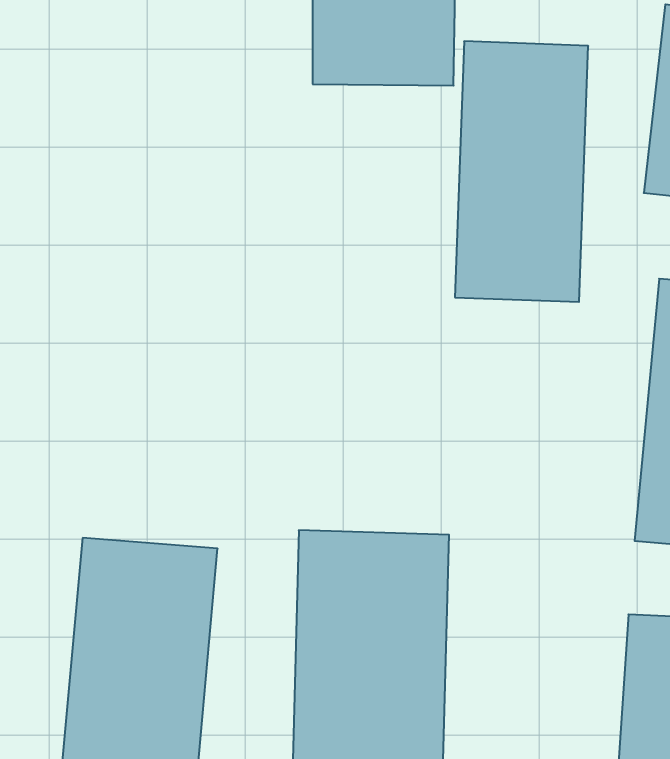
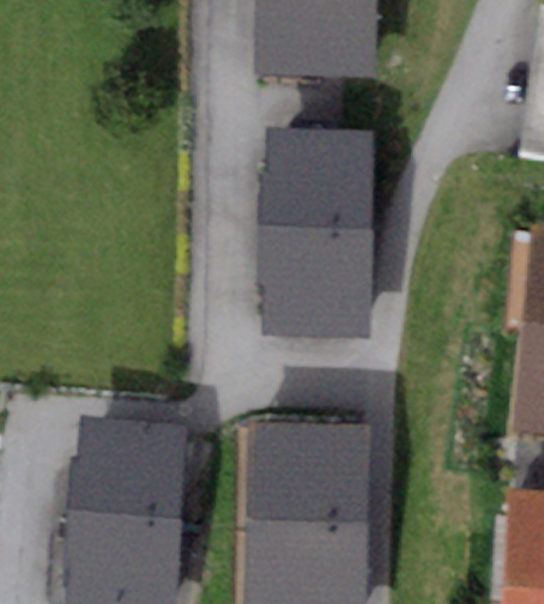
building: [455,41,588,302] -> [266,129,370,333]

